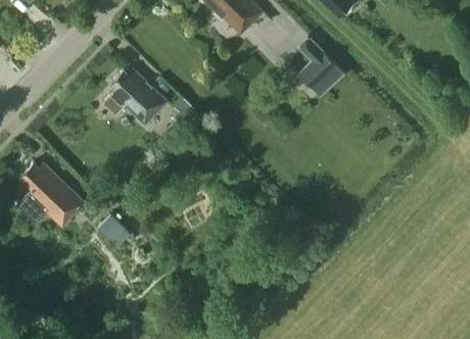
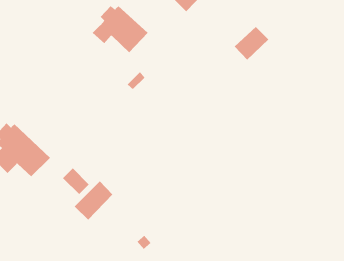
building: [102,70,168,126] -> [92,5,149,53]
building: none -> [74,181,113,220]

